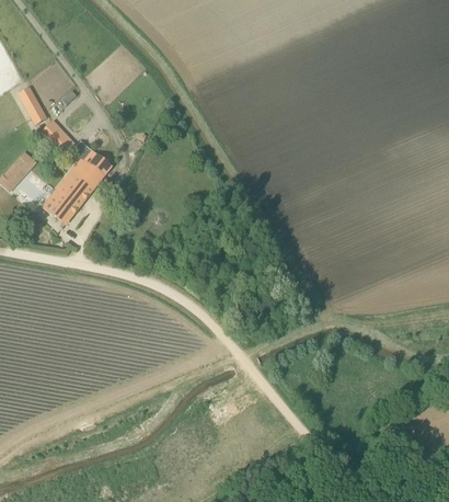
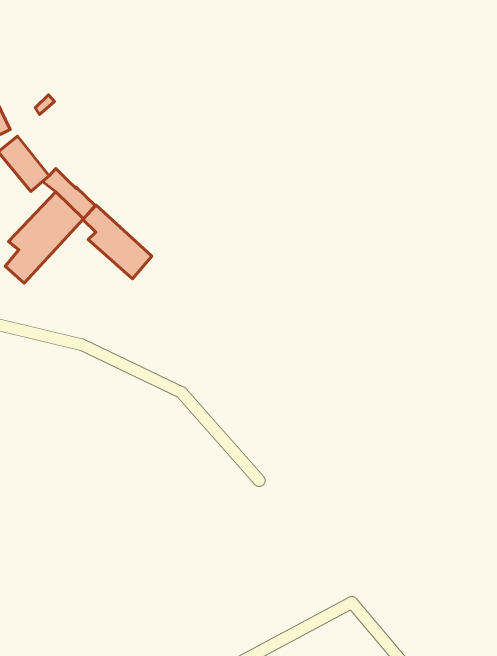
building: none -> [83,205,152,279]

